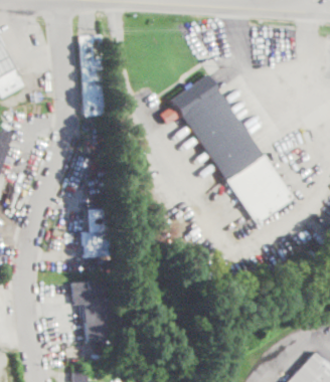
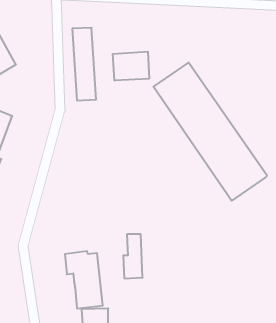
building: none -> [113,52,149,81]
building: [84,209,105,257] -> [123,234,143,278]

